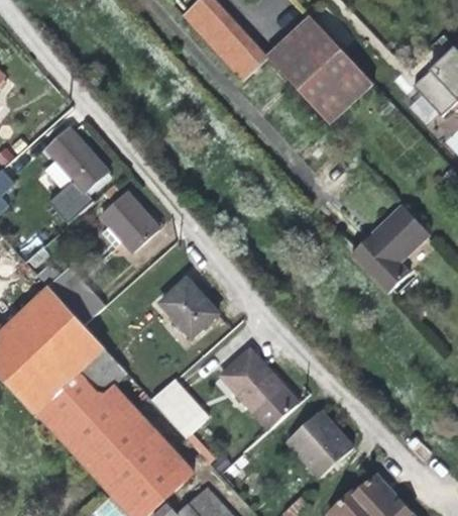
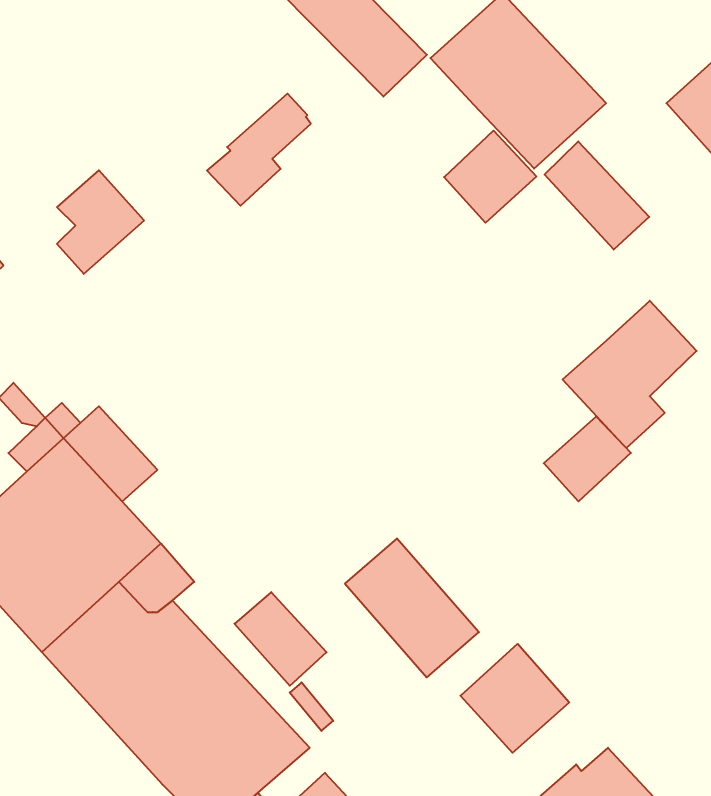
building: none -> [444,131,536,223]
building: none -> [545,141,649,250]
building: [48,156,111,223] -> [207,94,311,206]
building: [100,191,159,251] -> none
building: none -> [544,416,631,501]
building: [159,279,218,338] -> none

